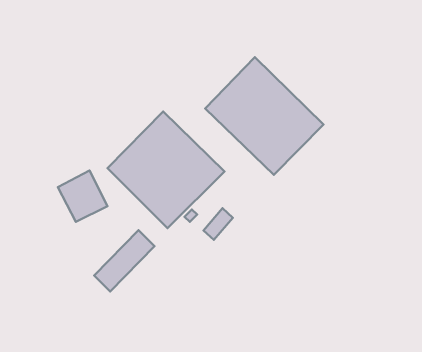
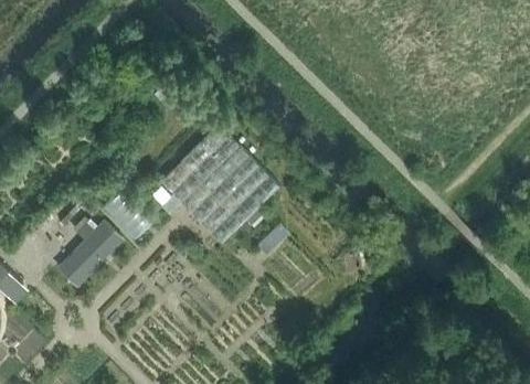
building: [205,57,324,175] -> none
building: [94,230,154,291] -> [59,223,121,287]

